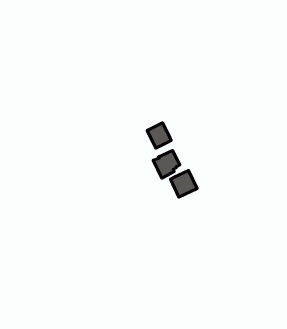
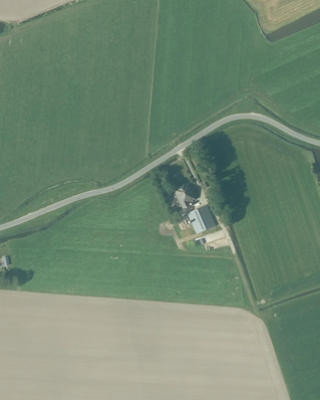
building: [147,123,171,148] -> none

